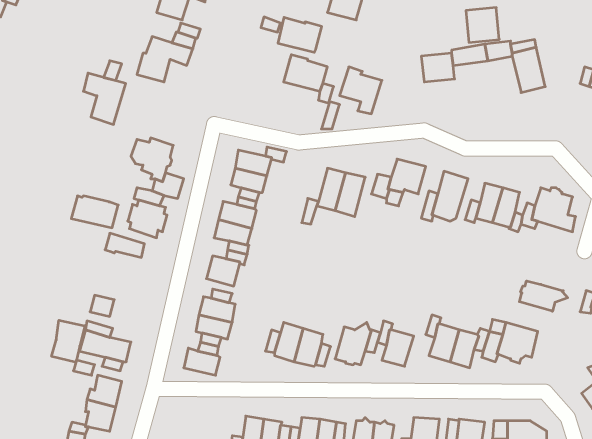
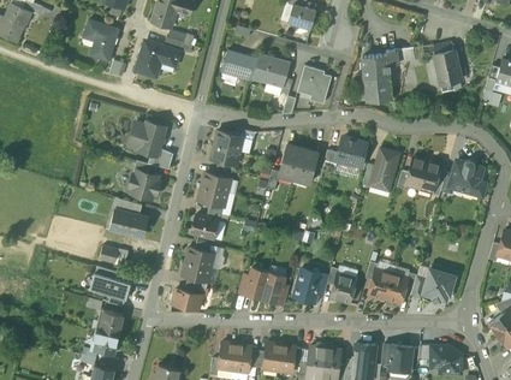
building: [466,8,499,42] -> [364,75,391,102]
building: [278,17,322,52] -> [222,52,257,79]
building: [83,73,126,124] -> [85,20,119,61]
building: [71,196,118,228] -> [109,212,147,237]
building: [519,281,568,311] -> none
building: [52,320,85,362] -> none

